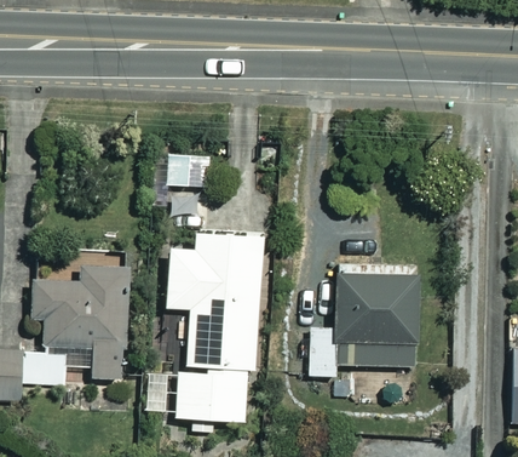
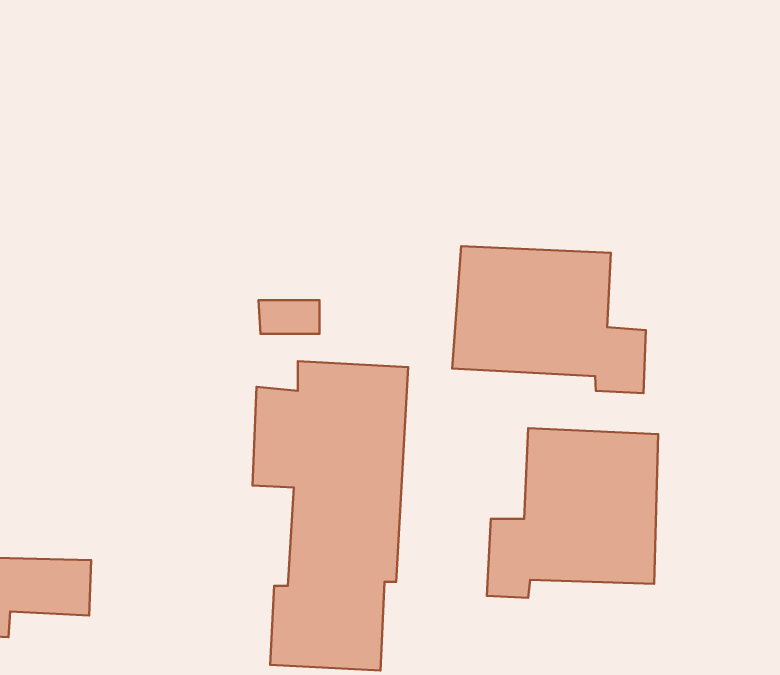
building: none -> [452,246,646,393]
building: [31,265,127,378] -> none

